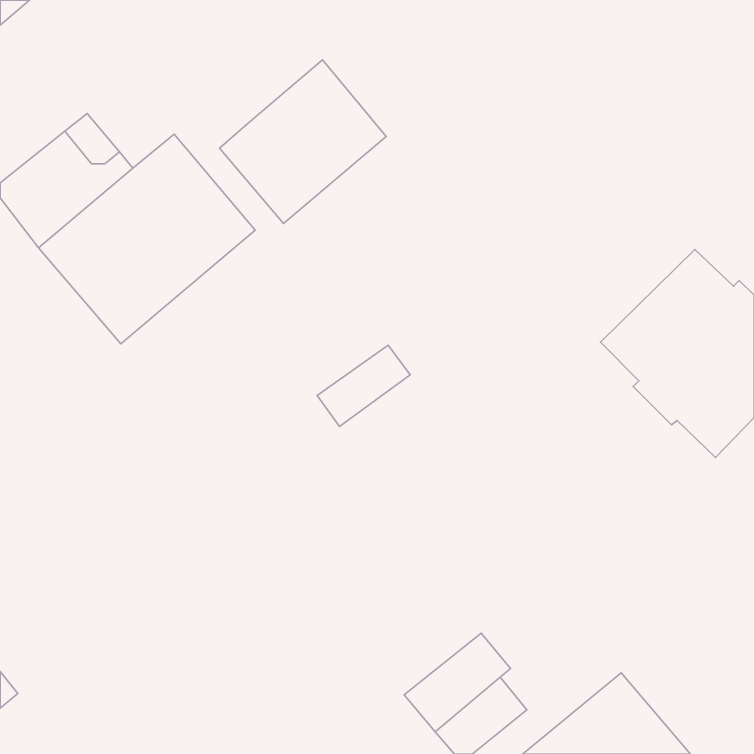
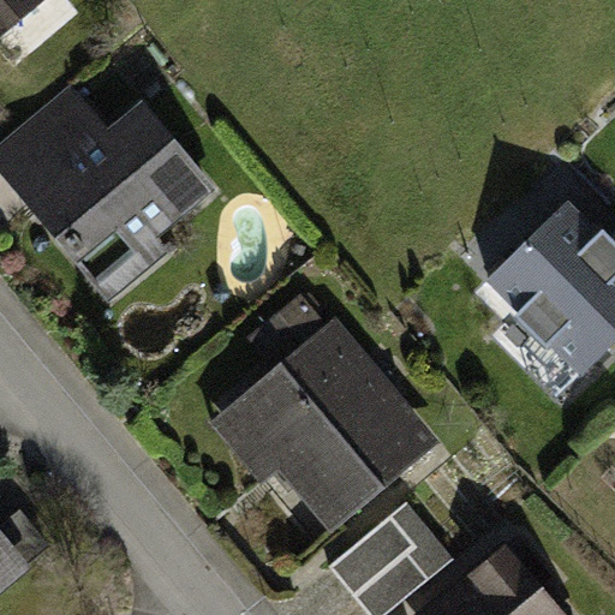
building: [220,60,386,223] -> none
building: none -> [228,327,428,521]

